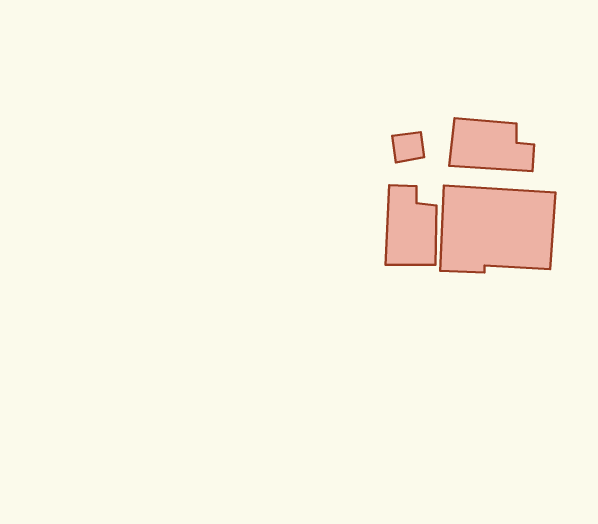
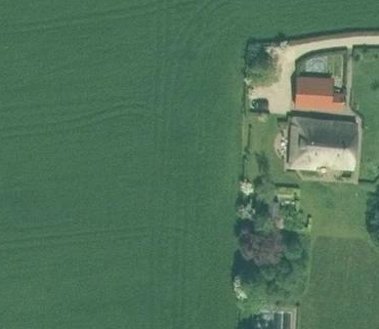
building: [386,185,437,265] -> none

